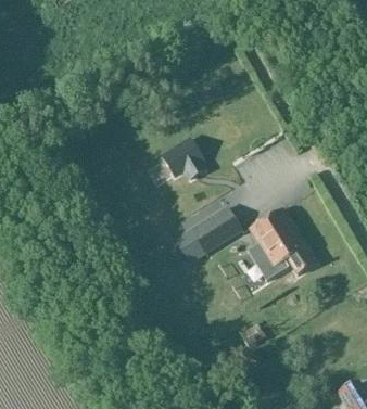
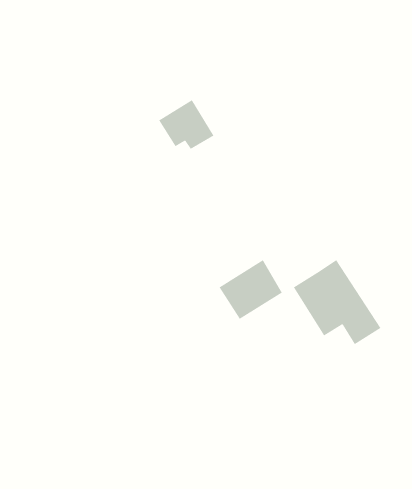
building: [161,139,204,178] -> [158,99,215,150]
building: [172,229,206,266] -> none

